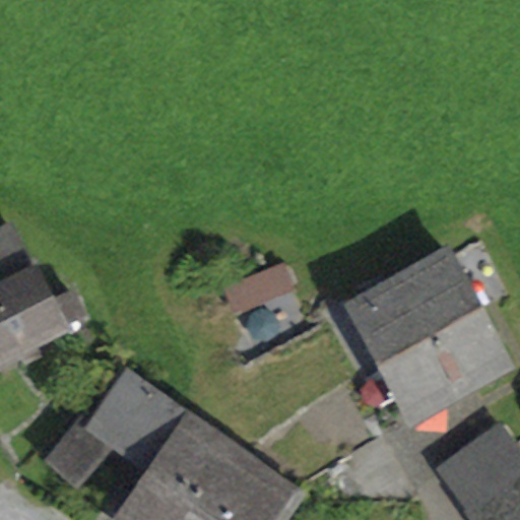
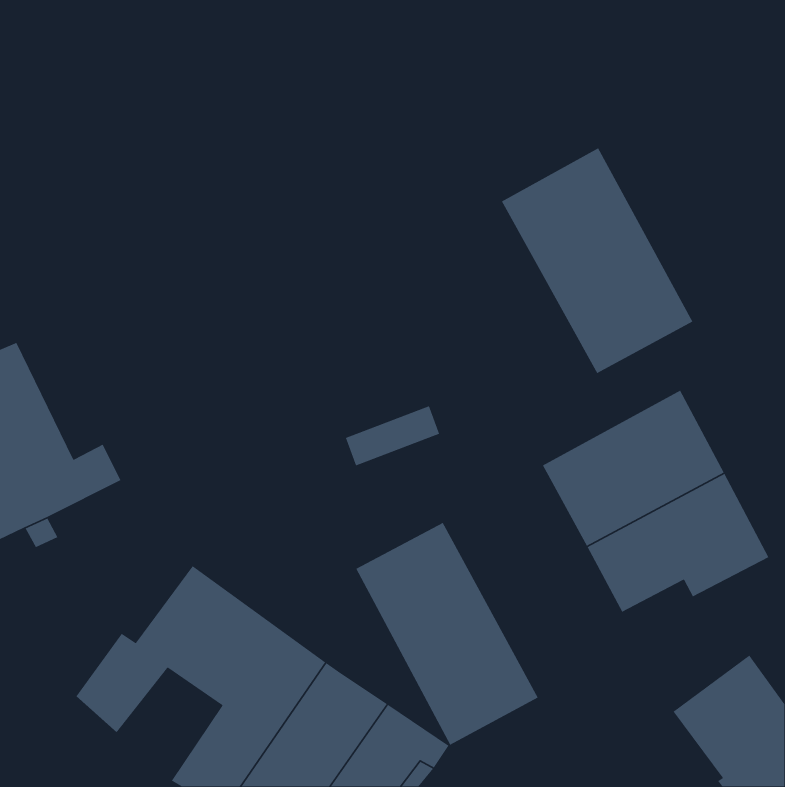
building: none -> [501,147,694,374]
building: none -> [355,522,539,746]

